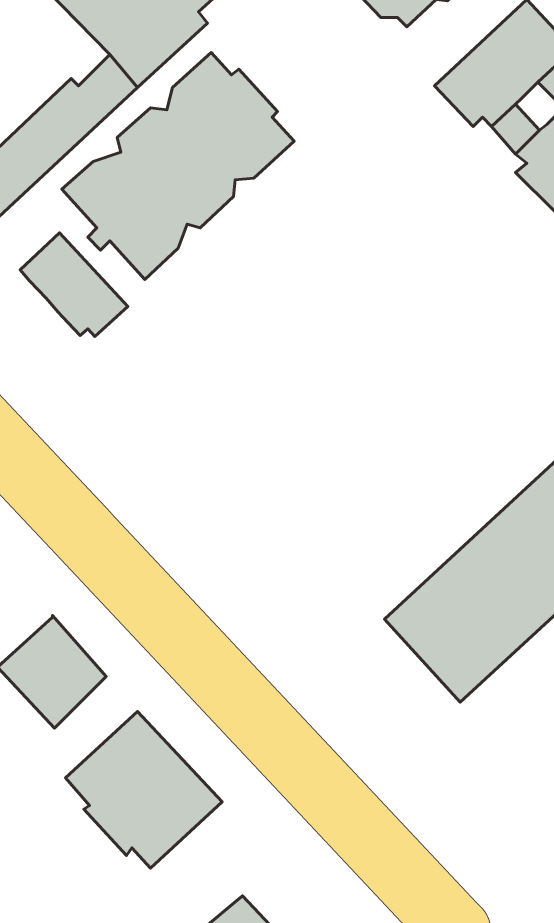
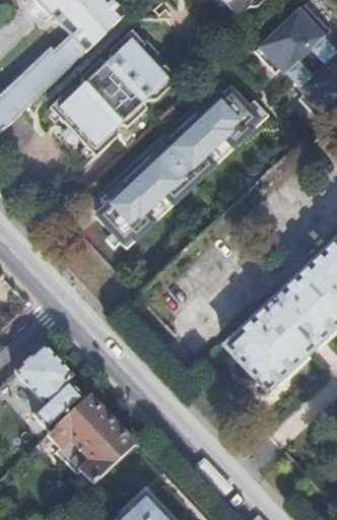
building: none -> [94,86,266,247]
building: [20,233,128,337] -> none
building: none -> [31,374,88,430]

